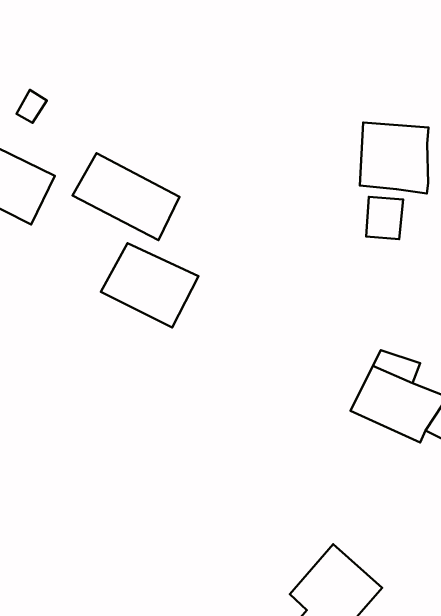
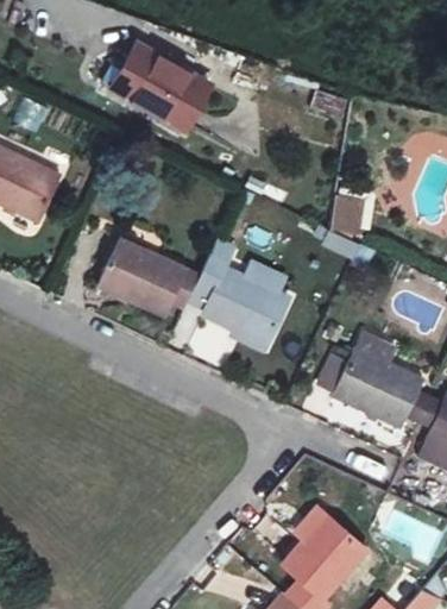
building: [360,123,429,193] -> none
building: [73,153,180,240] -> [115,54,212,132]
building: none -> [193,259,291,351]

